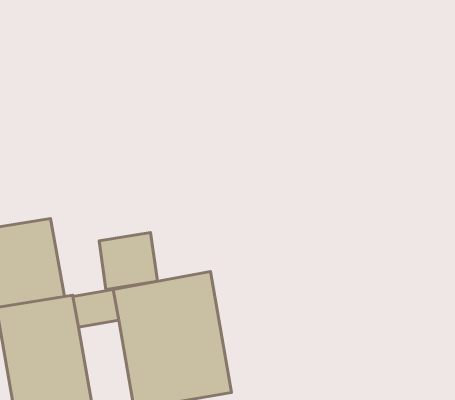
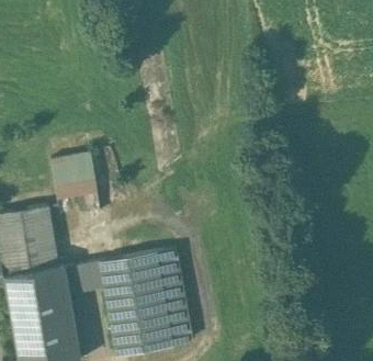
building: [99,233,158,290] -> [50,153,97,198]

